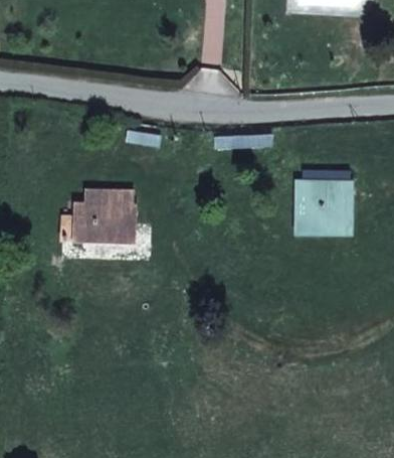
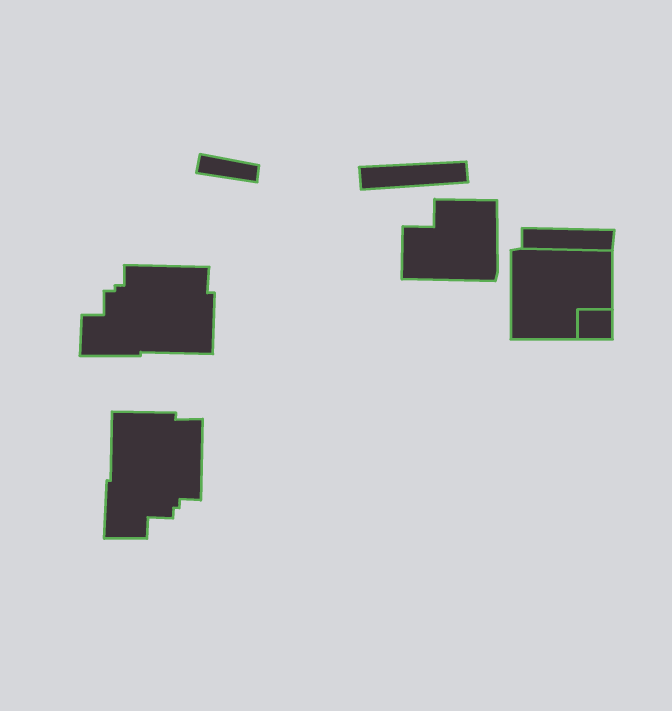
building: none -> [402,199,497,281]
building: none -> [104,412,203,539]

